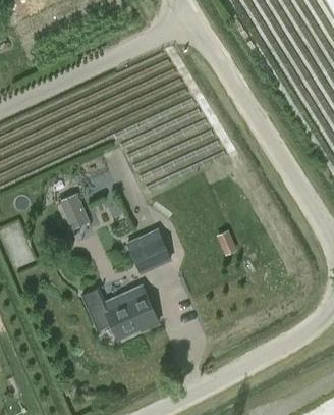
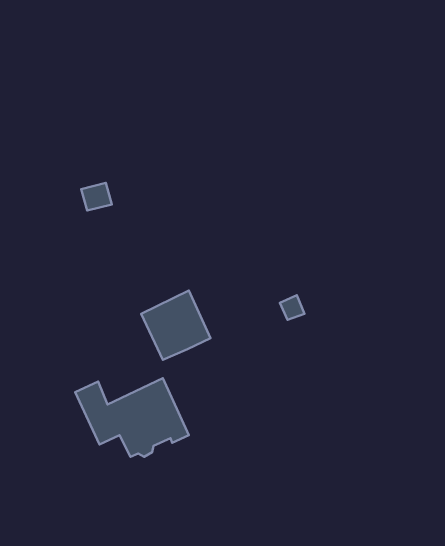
building: [59,193,91,230] -> none

